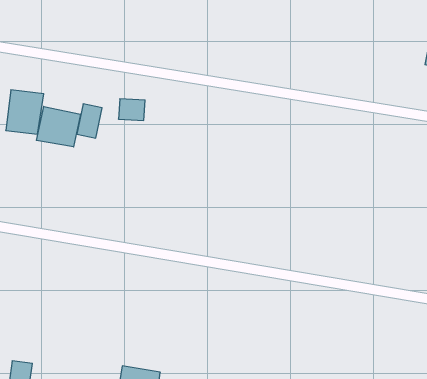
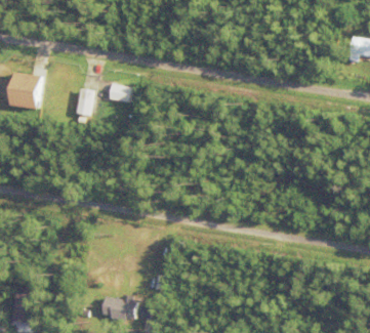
building: [36,106,81,147] -> none

